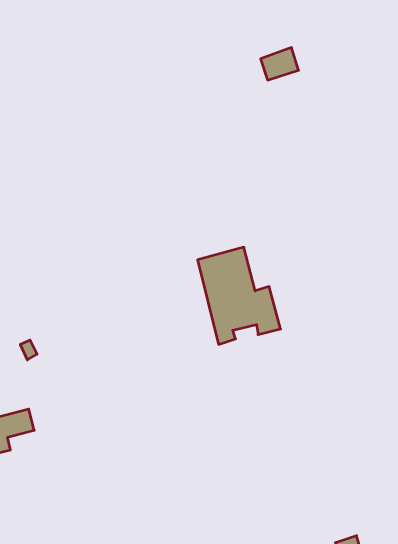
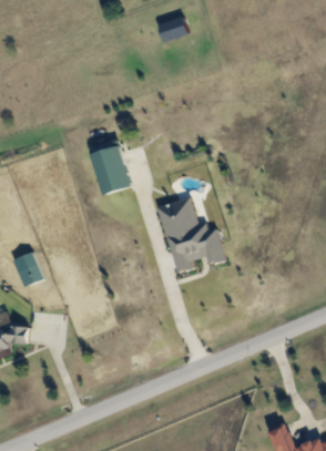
building: [261,48,299,80] -> [157,17,187,42]
building: none -> [88,139,131,196]

